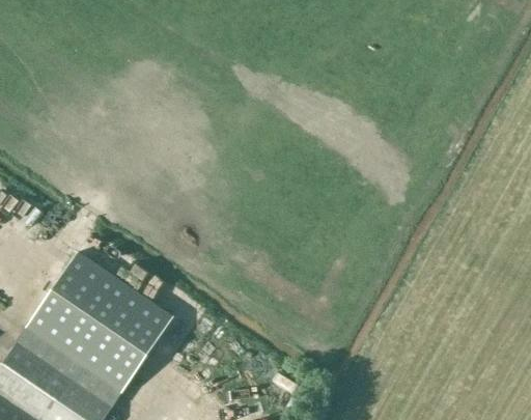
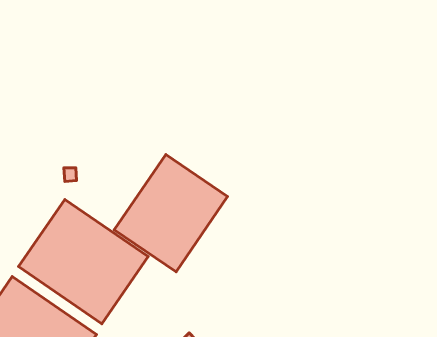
building: none -> [114,155,228,272]

